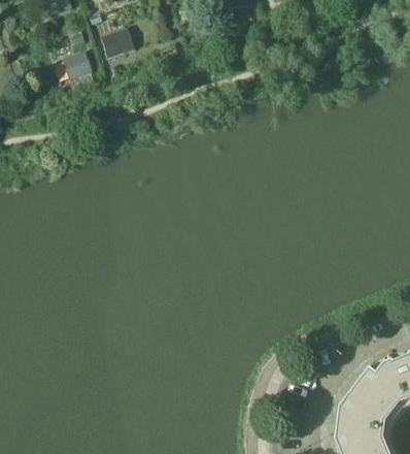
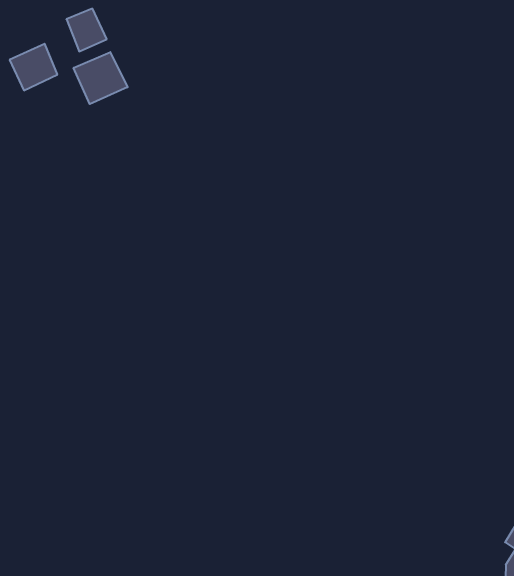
building: none -> [74,52,128,104]

